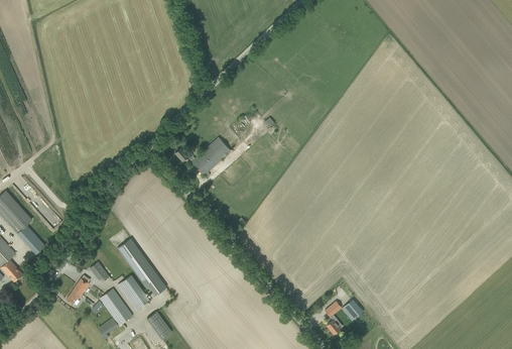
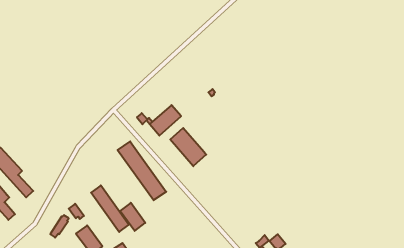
building: none -> [170,128,206,166]
building: none -> [118,141,166,200]
building: [118,274,149,310] -> [120,203,145,231]

